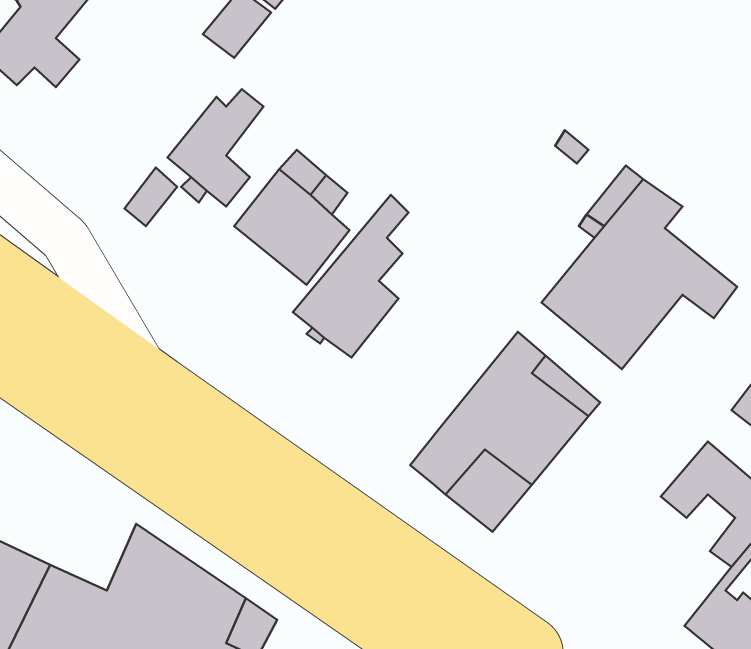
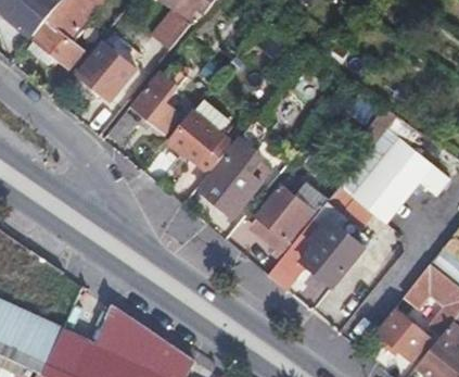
building: none -> [79,43,135,100]
building: none -> [252,184,326,253]
building: none -> [378,313,430,360]

